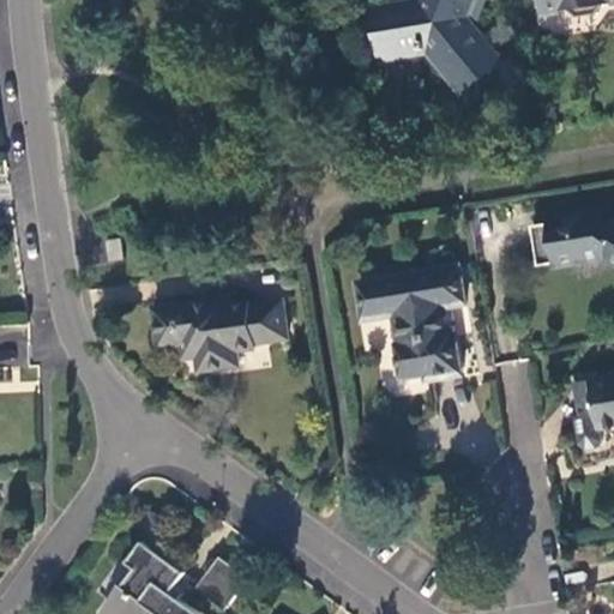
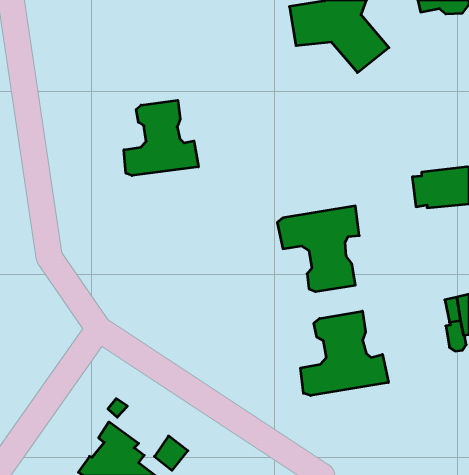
building: none -> [124,100,198,176]
building: [152,301,285,371] -> none
building: none -> [301,311,388,396]

